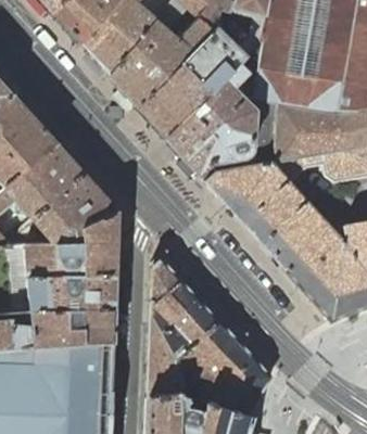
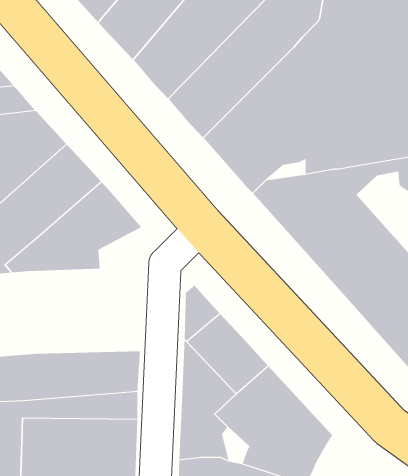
building: [23,207,118,309] -> none

